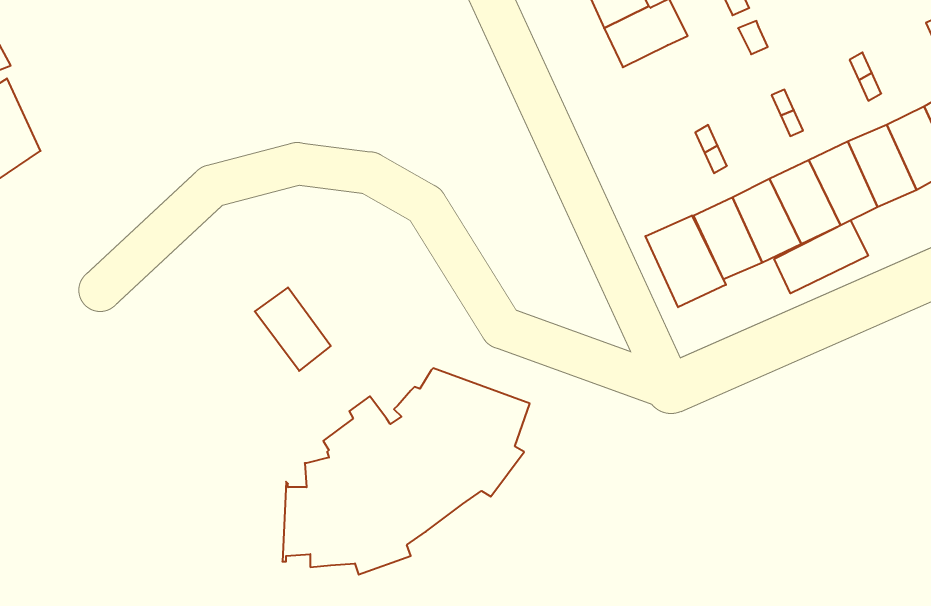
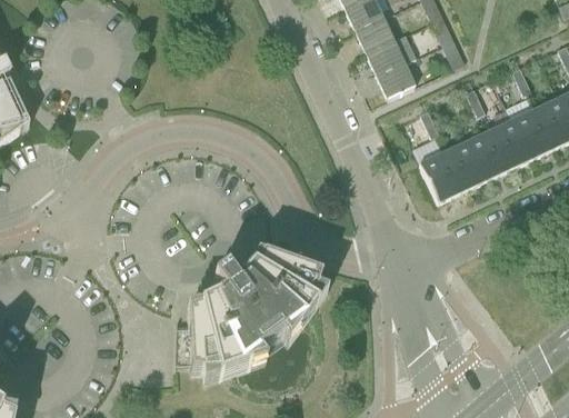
building: none -> [377,61,415,98]
building: [645,215,726,307] -> none
building: [774,220,868,293] -> none
building: [255,287,331,371] -> none

